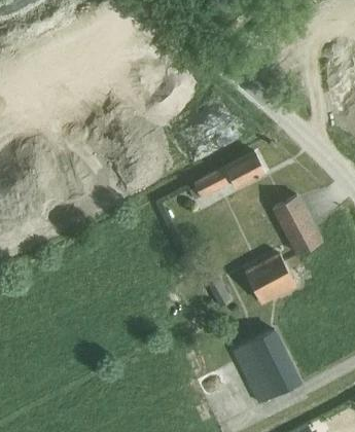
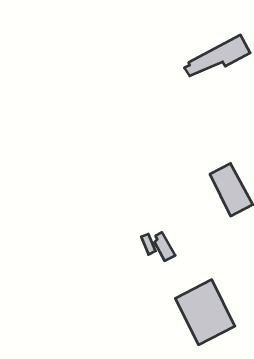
building: [189,151,265,199] -> [184,35,250,76]
building: [244,251,295,304] -> none

